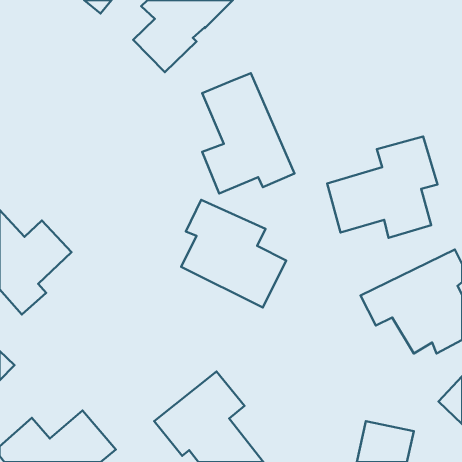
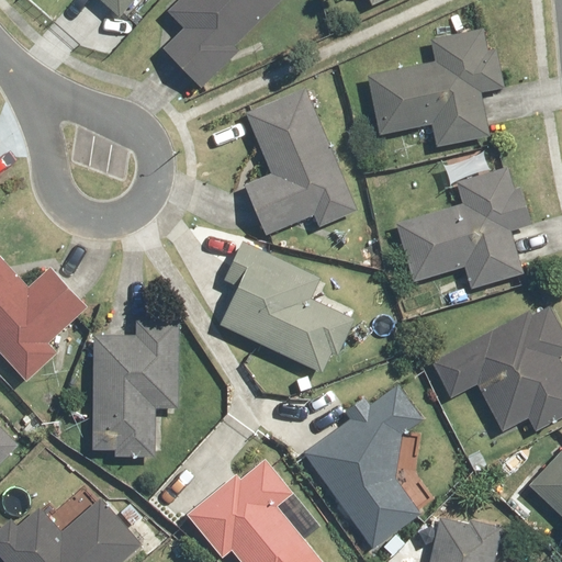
building: none -> [367,29,504,146]
building: none -> [92,319,180,446]
building: none -> [303,385,419,547]

